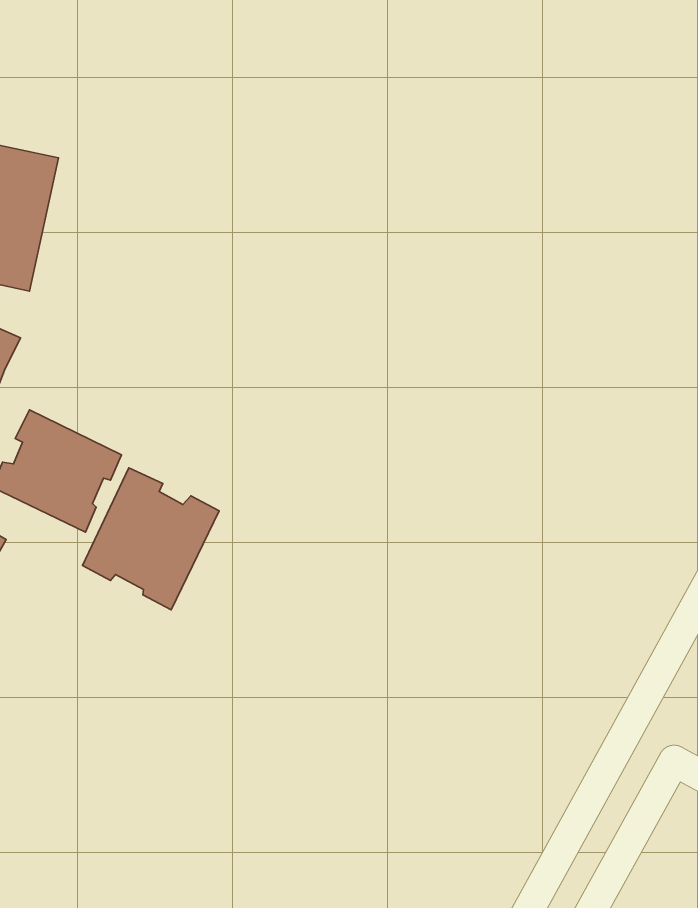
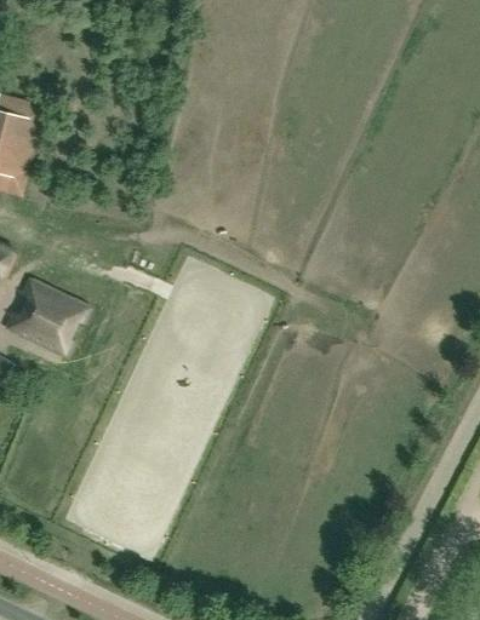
building: [82,468,219,610] -> none

